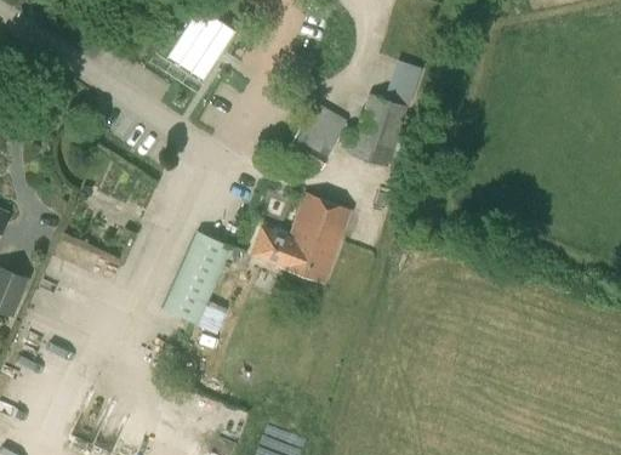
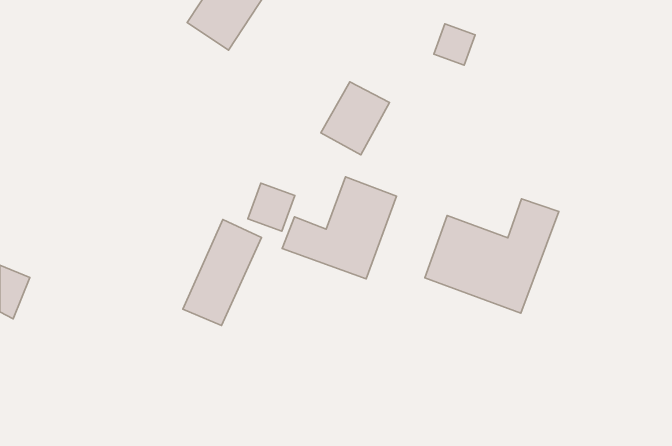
building: [351,93,408,165] -> none
building: none -> [248,183,295,231]
building: none -> [425,199,559,313]

